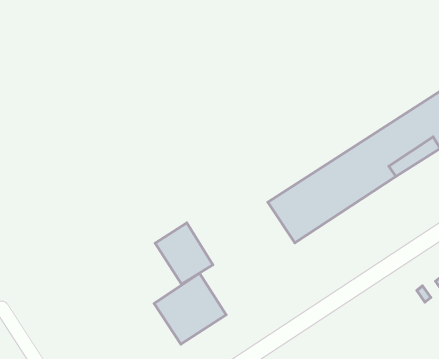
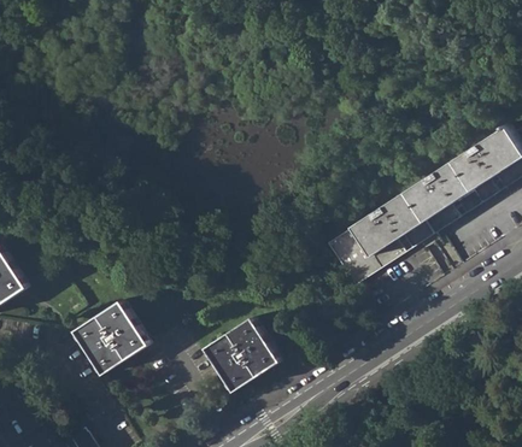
building: [155,223,213,284] -> none
building: none -> [70,301,146,376]

